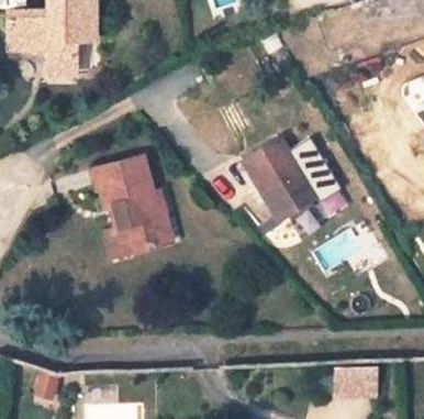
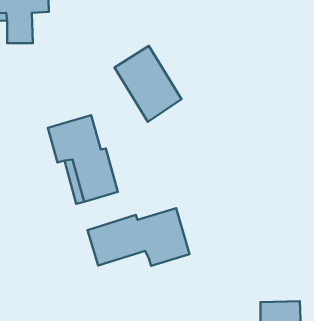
building: [243,136,317,221] -> [114,46,181,122]
building: none -> [88,208,190,266]

